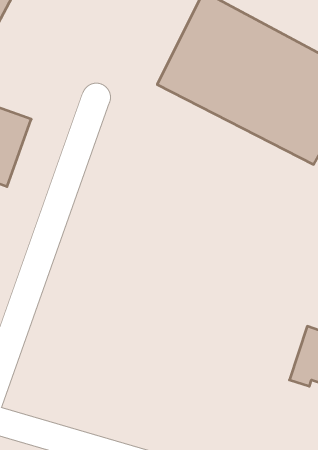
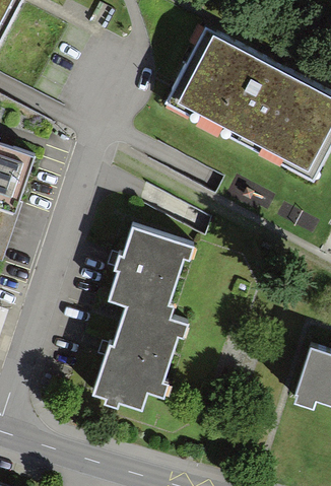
building: none -> [92,227,192,412]

